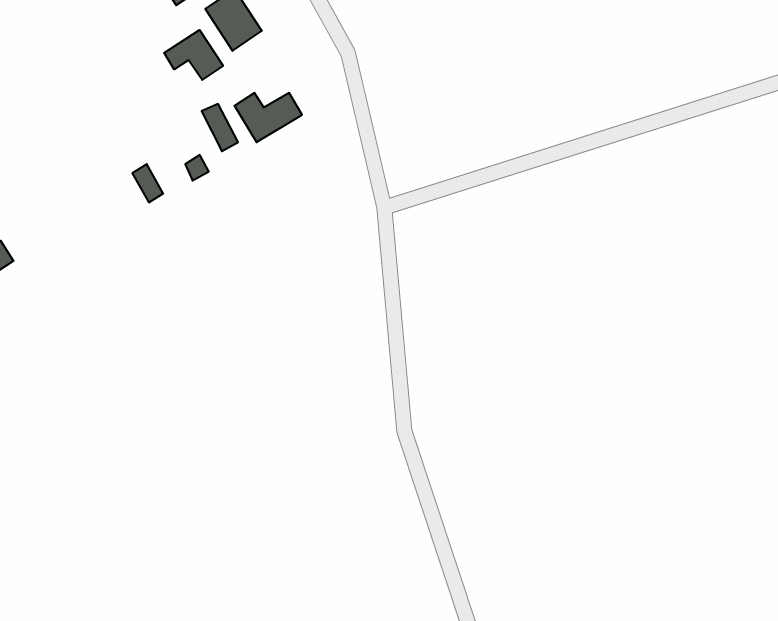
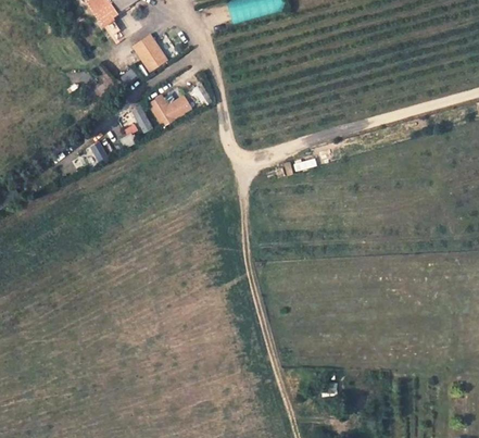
building: [164,30,223,80] -> none

